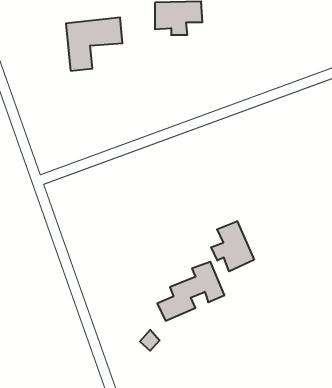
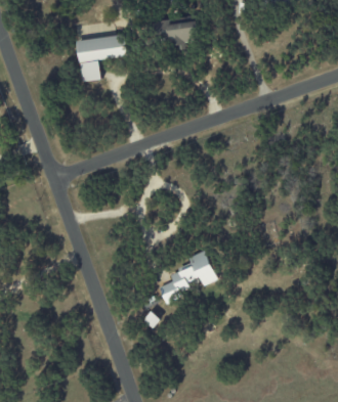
building: [211,221,254,271] -> none

